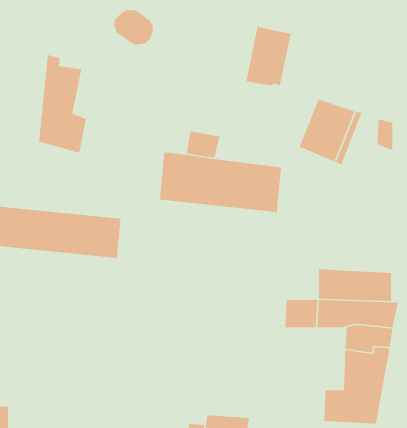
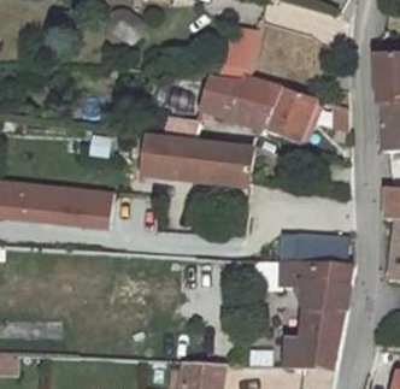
building: [38,54,87,154] -> none
building: none -> [199,76,282,130]

